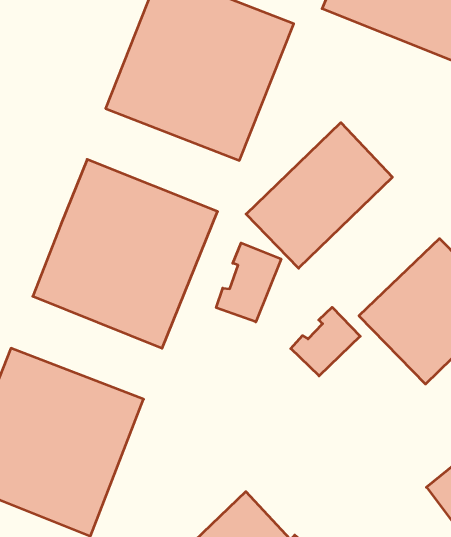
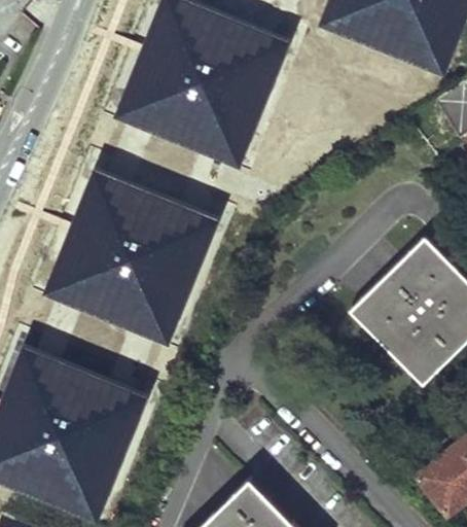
building: [246,123,392,268] -> none
building: [216,243,281,322] -> none
building: [291,307,360,376] -> none

